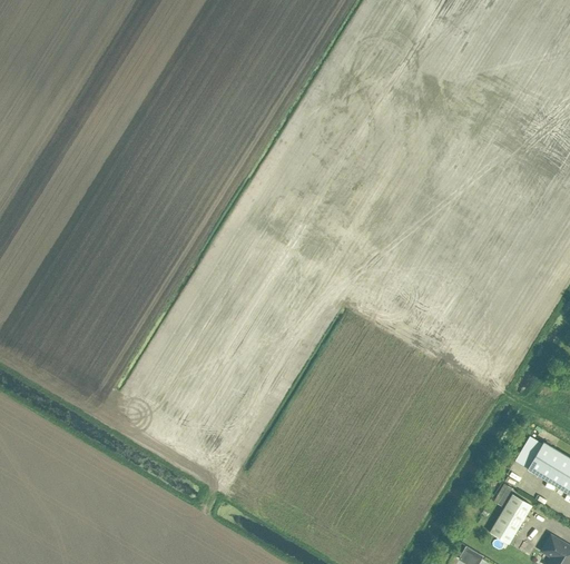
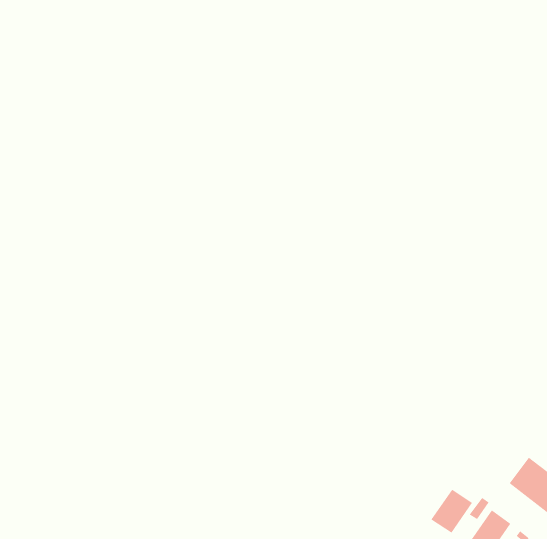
building: none -> [431,489,473,534]

